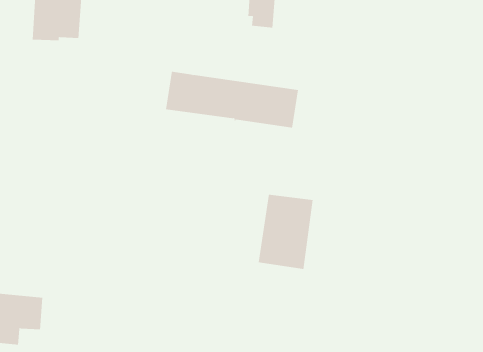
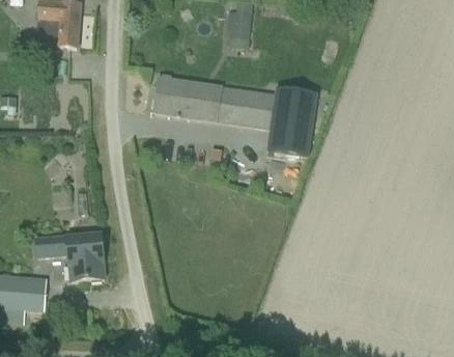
building: [258,194,314,269] -> [266,87,316,155]
building: none -> [34,232,104,281]

